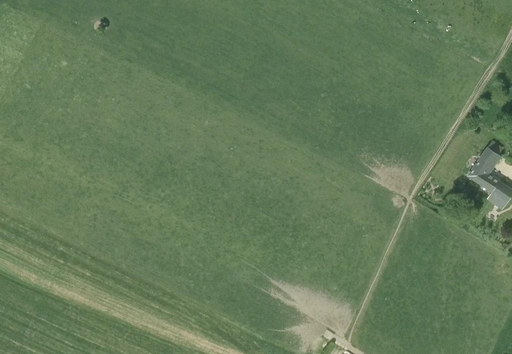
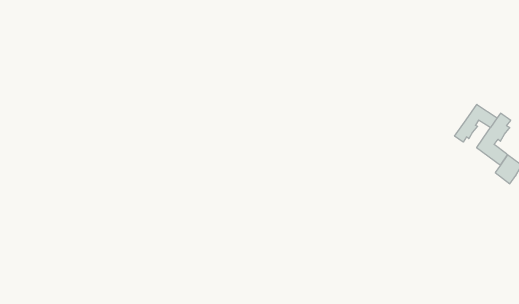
building: none -> [455,104,497,142]

